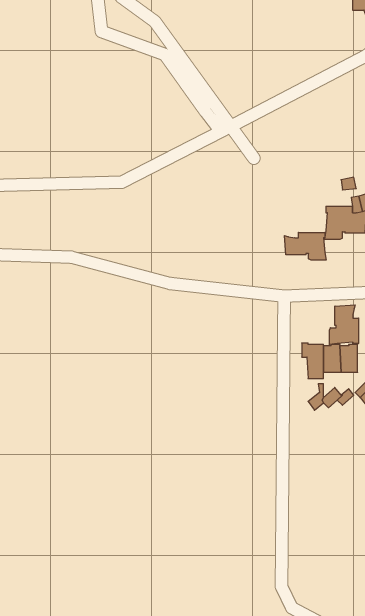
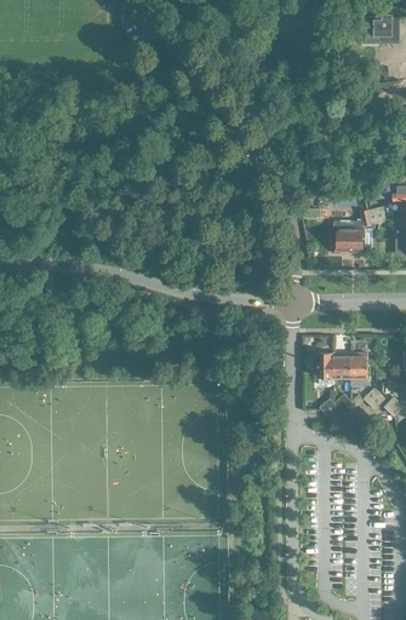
building: [285,232,326,260] -> none
building: [329,305,359,345] -> none

